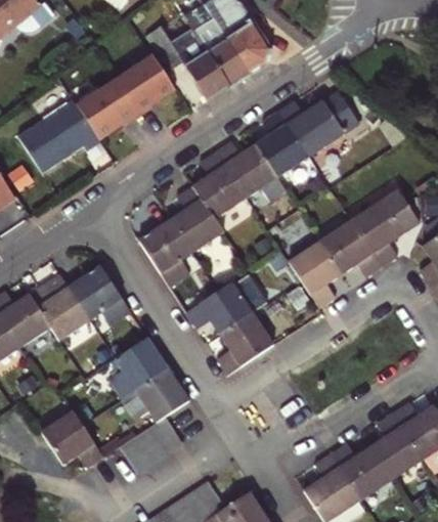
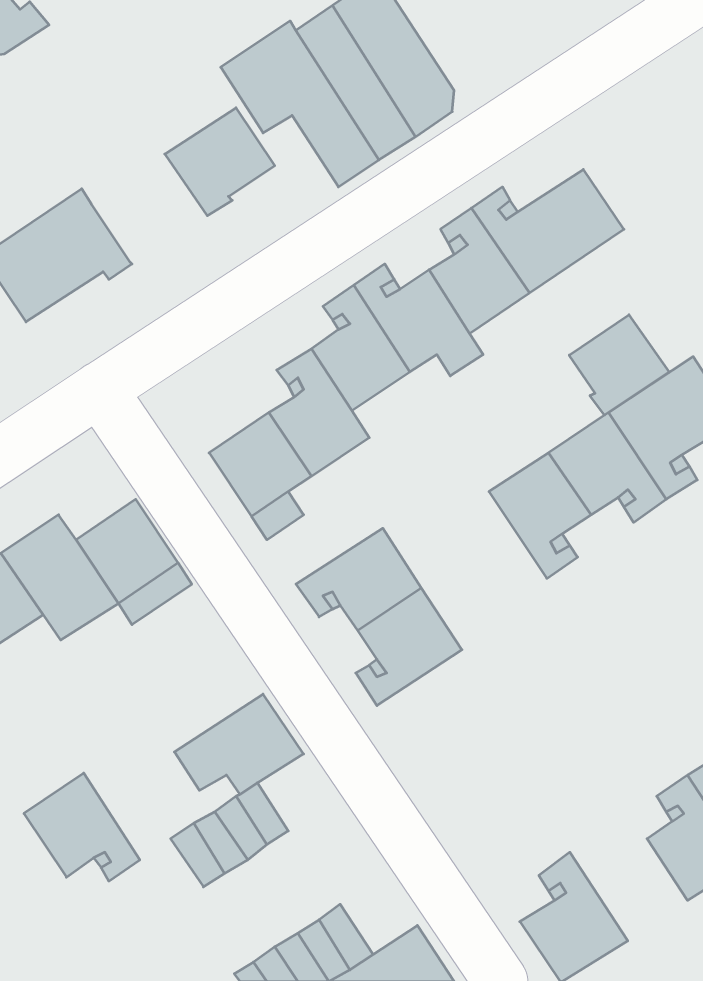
building: [77,82,138,139] -> none
building: none -> [569,315,669,415]
building: [107,337,168,399] -> none
building: [331,442,393,499] -> none

